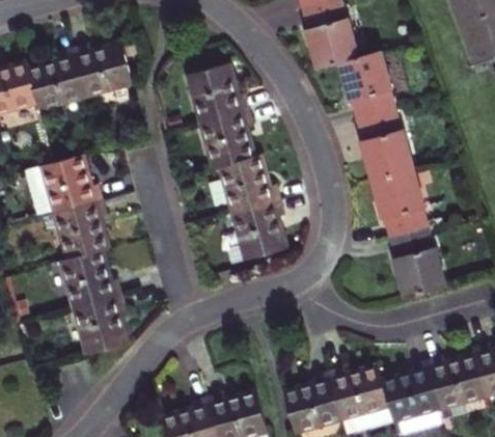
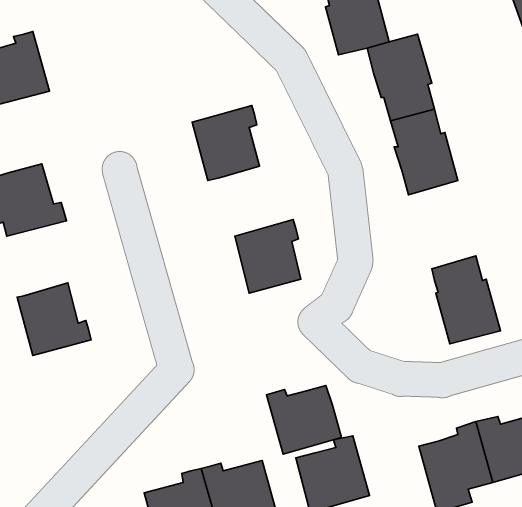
building: [73,42,133,98] -> none
building: [187,63,248,122] -> none
building: [222,156,281,214] -> none
building: [374,169,428,240] -> none
building: [52,201,107,262] -> none
building: [73,297,127,356] -> none
building: [329,366,389,421] -> [266,386,341,454]

